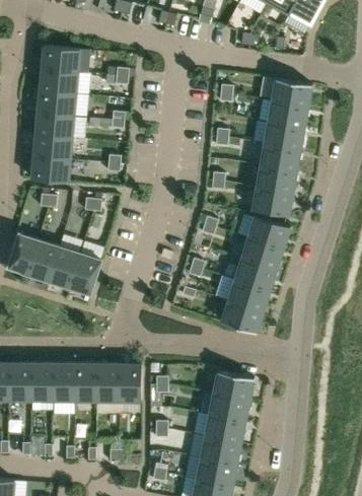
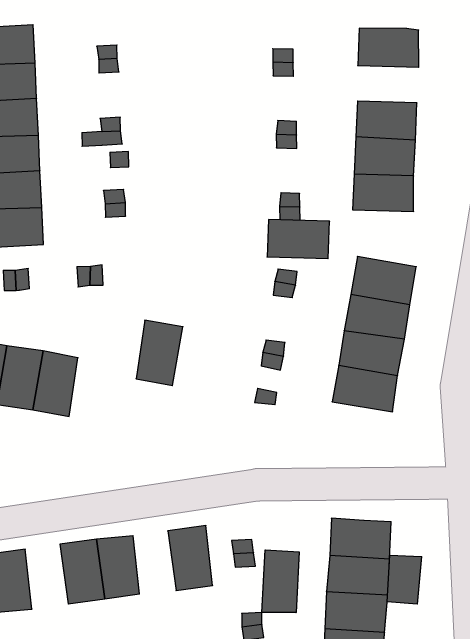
building: [269,101,308,129] -> none
building: [252,188,293,216] -> [267,220,330,259]
building: [69,254,101,295] -> [136,320,183,386]
building: [222,301,264,334] -> none
building: [30,364,53,401] -> none
building: [96,365,119,402] -> none
building: none -> [262,550,299,613]
building: none -> [387,555,422,604]

